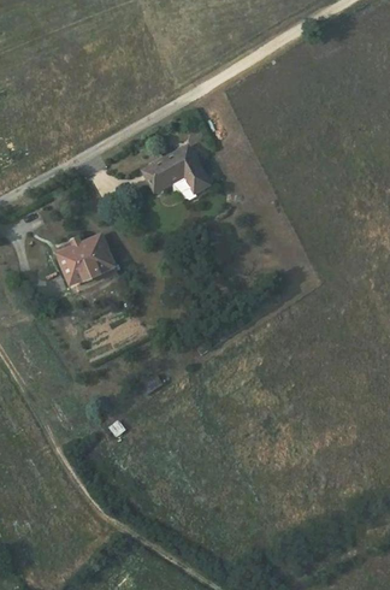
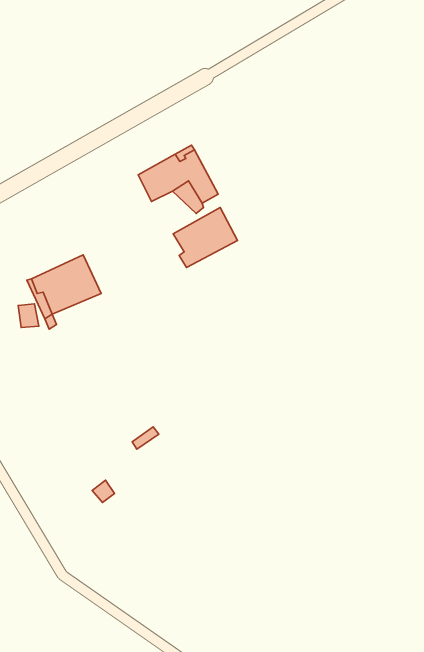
building: none -> [173,207,238,268]

